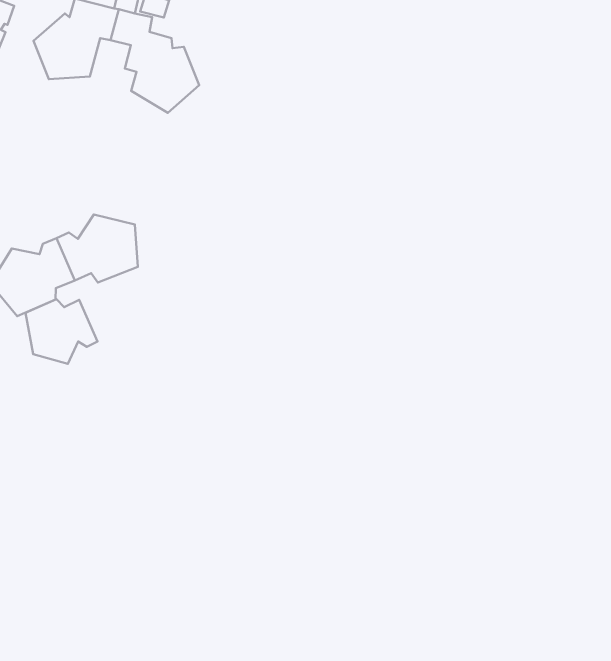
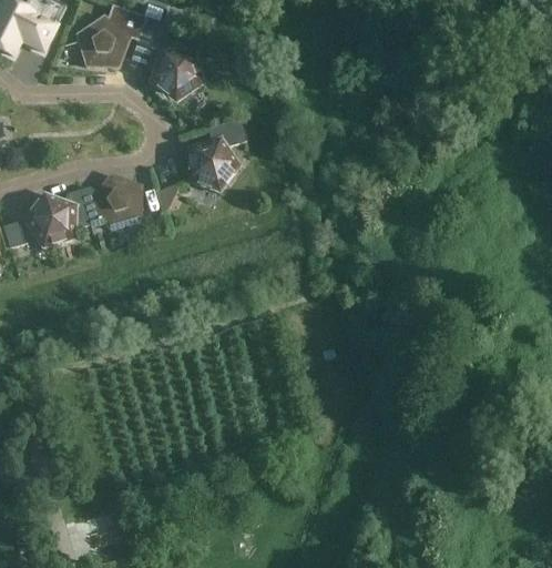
building: none -> [188,119,246,191]
building: [26,299,98,364] -> none

